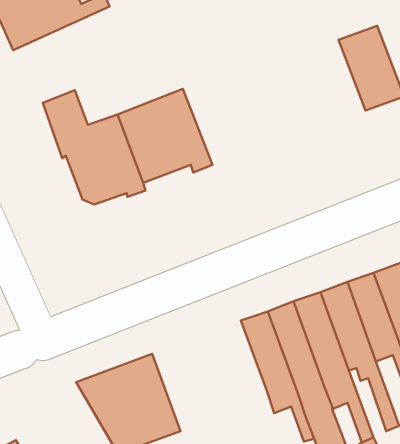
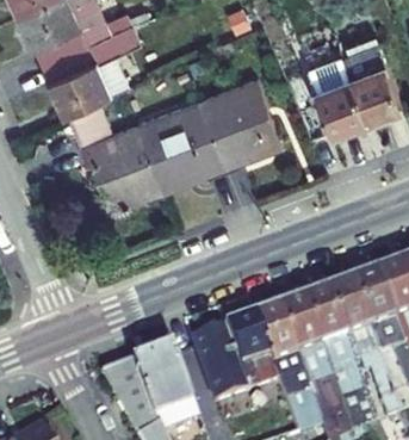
building: none -> [41,21,140,112]
building: none -> [308,52,367,131]
building: none -> [198,75,283,168]
building: none -> [190,312,275,399]

